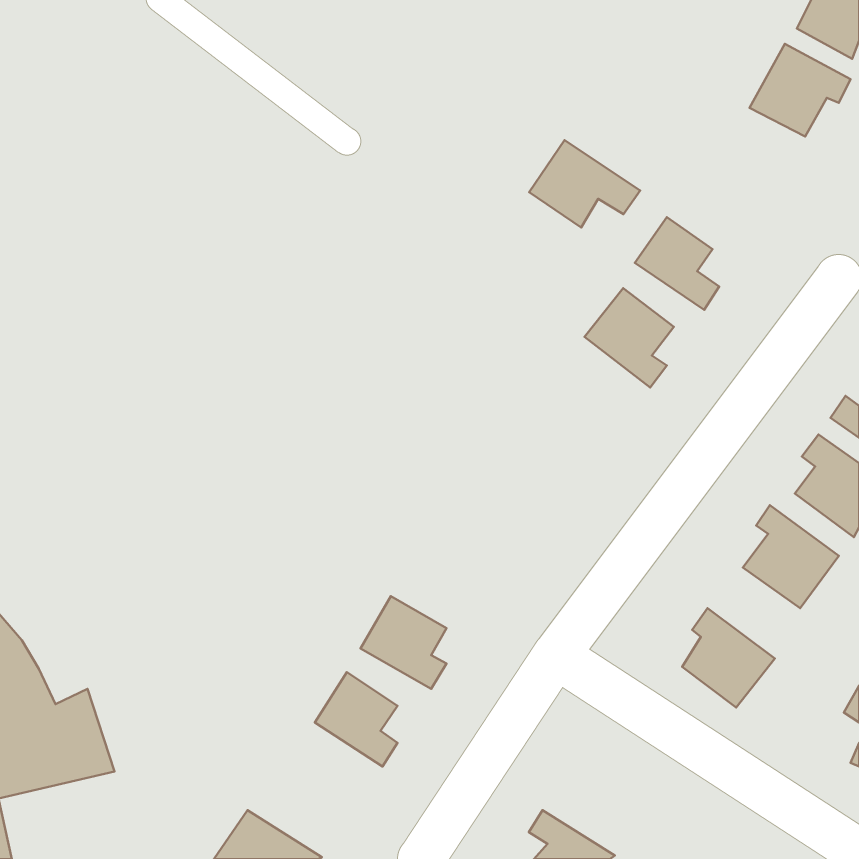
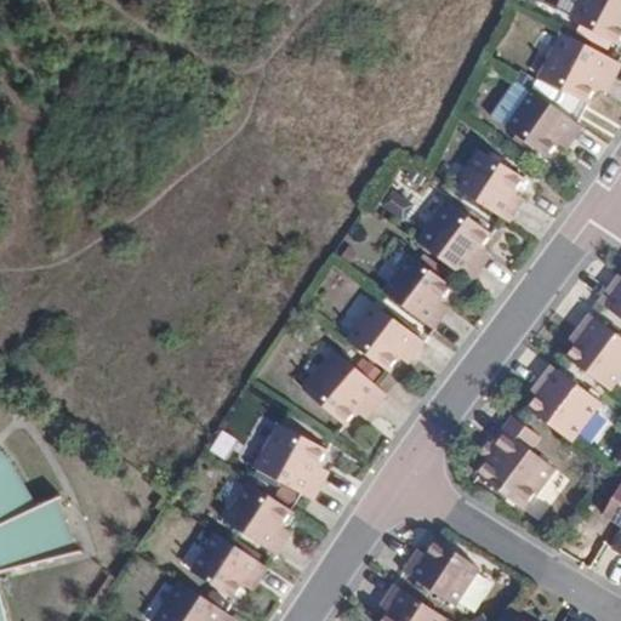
building: [529,140,640,228] -> [508,87,588,150]
building: none -> [382,255,445,327]
building: none -> [348,307,422,370]
building: none -> [303,348,375,421]
building: none -> [193,534,269,596]
building: none -> [404,548,478,608]

